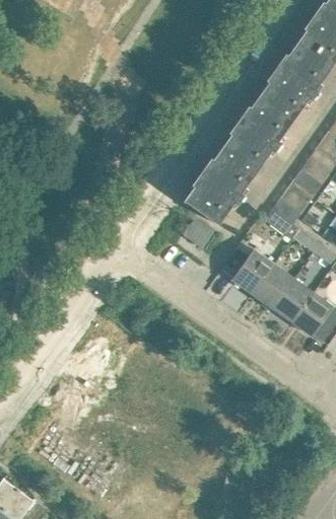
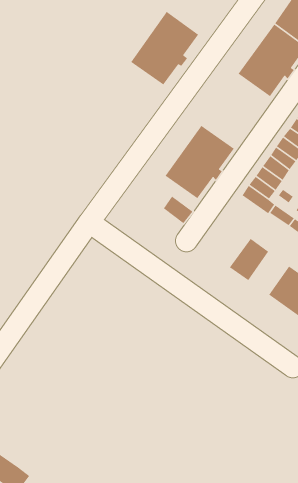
building: [223,94,294,171] -> [130,11,199,86]
building: [221,248,274,294] -> none
building: [272,278,314,322] -> none

